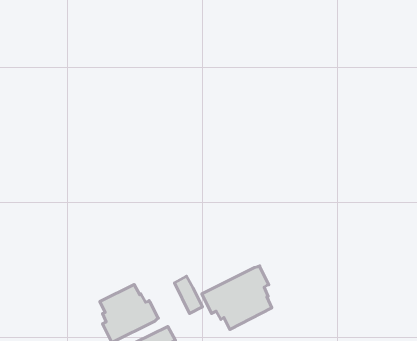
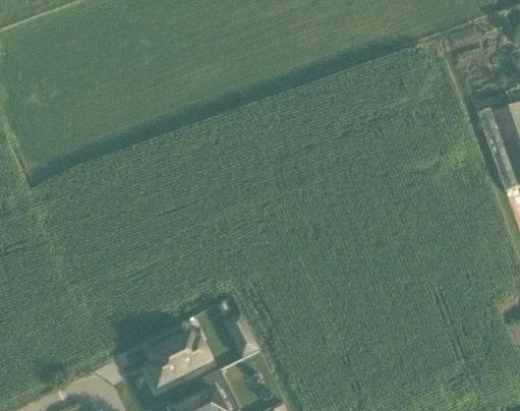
building: [202,266,272,329] -> none

